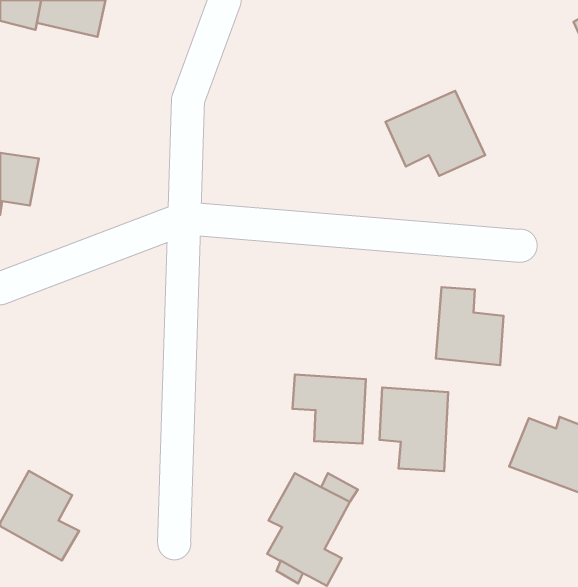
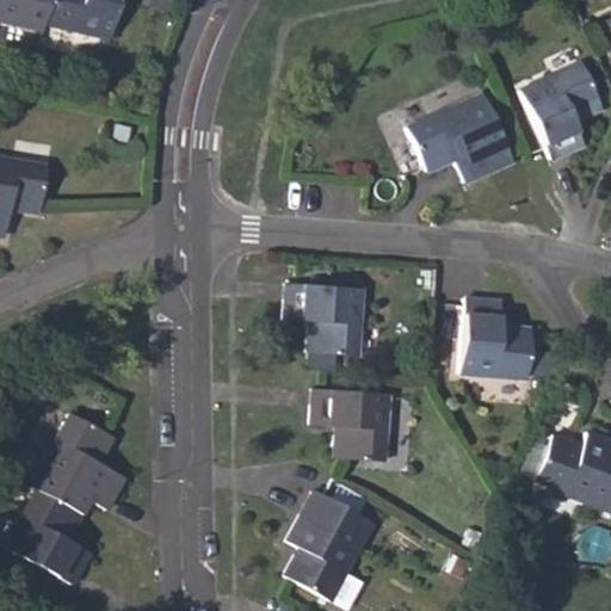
building: none -> [520,62,604,160]
building: none -> [285,283,362,356]
building: [379,388,448,471] -> none
building: none -> [31,413,128,514]

